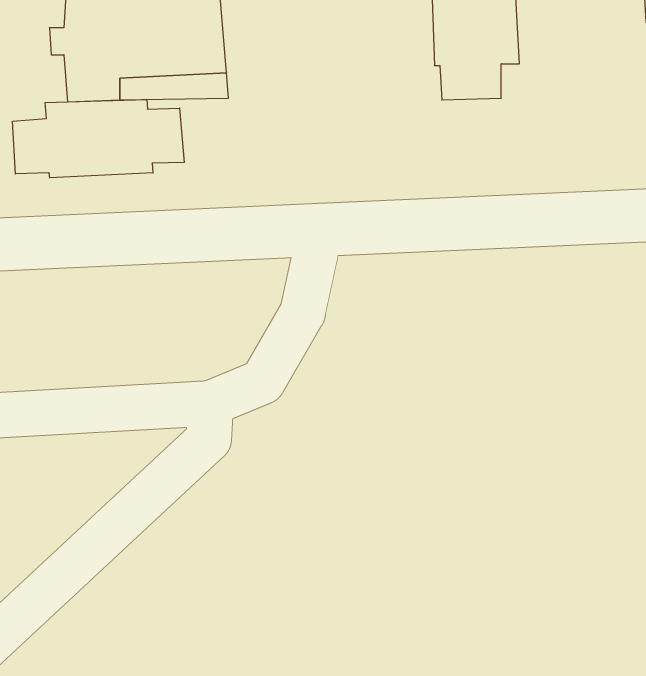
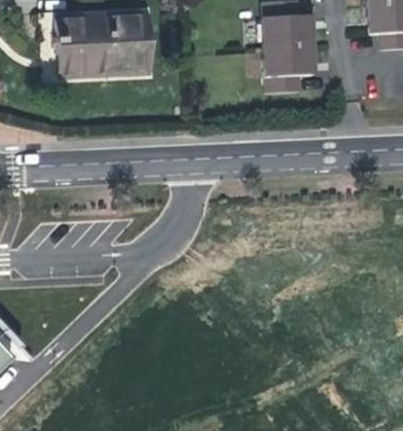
building: [13,99,184,178] -> none

